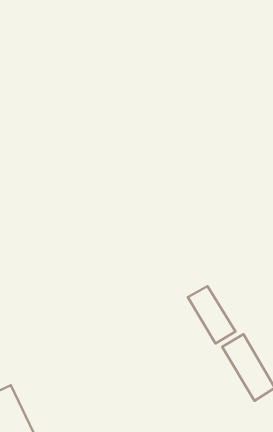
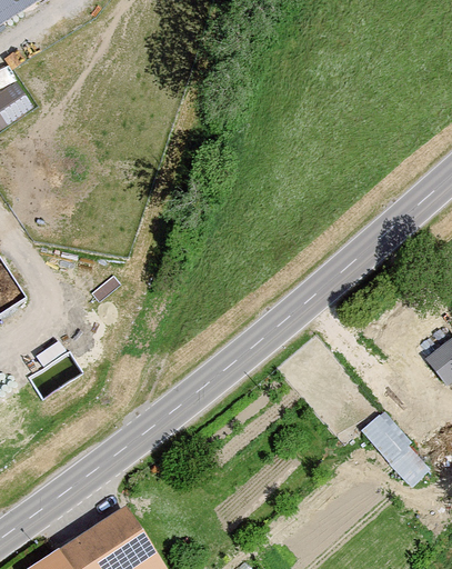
building: [188,286,235,343] -> none

